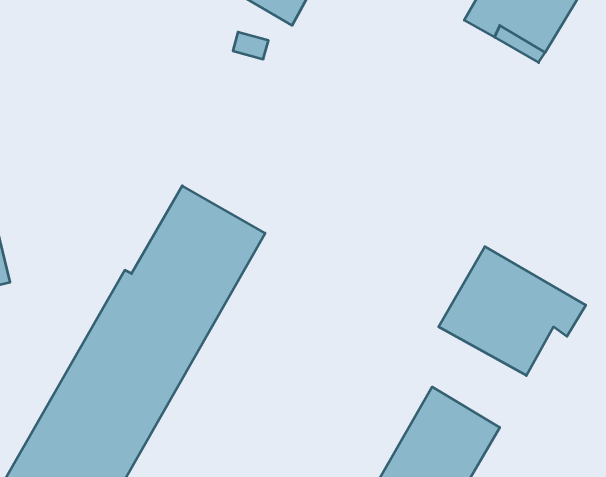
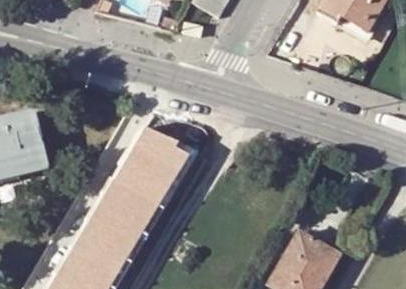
building: [439,247,586,376] -> none

